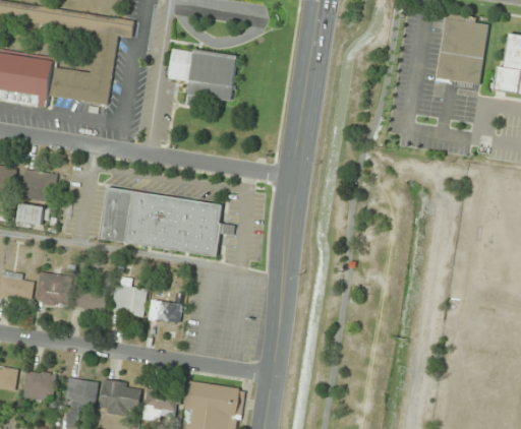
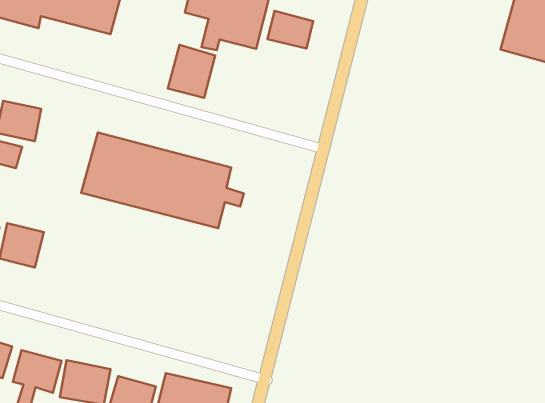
building: none -> [267,11,313,48]
building: none -> [168,45,215,98]
building: [111,285,147,315] -> none
building: [73,288,106,310] -> none
building: [148,299,182,323] -> none

